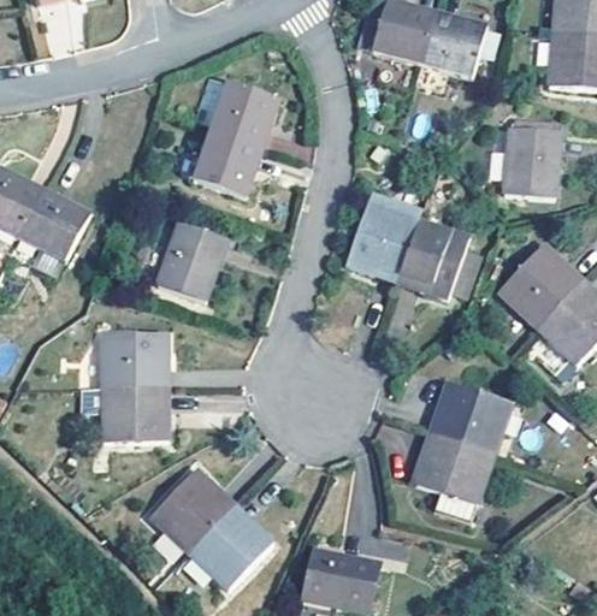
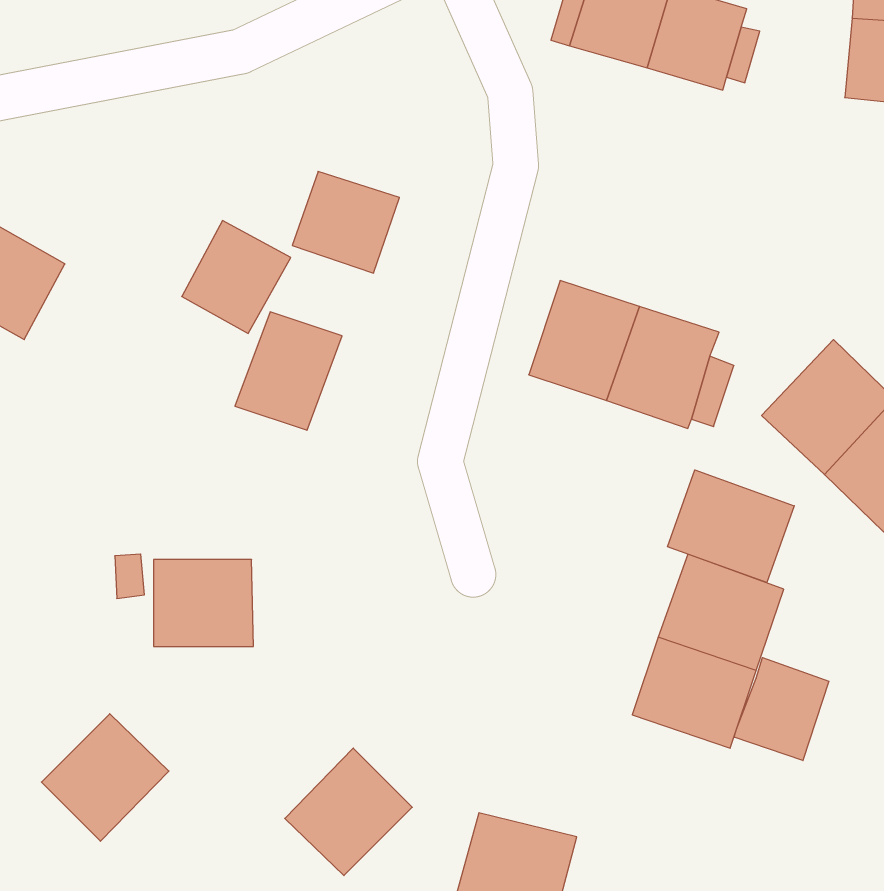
building: [209,78,280,147] -> none
building: [508,124,562,194] -> none
building: [18,190,89,263] -> [182,221,291,333]
building: none -> [667,470,794,583]
building: [102,332,166,383] -> none
building: none -> [734,658,829,761]
building: [149,468,232,551] -> [41,714,169,841]

